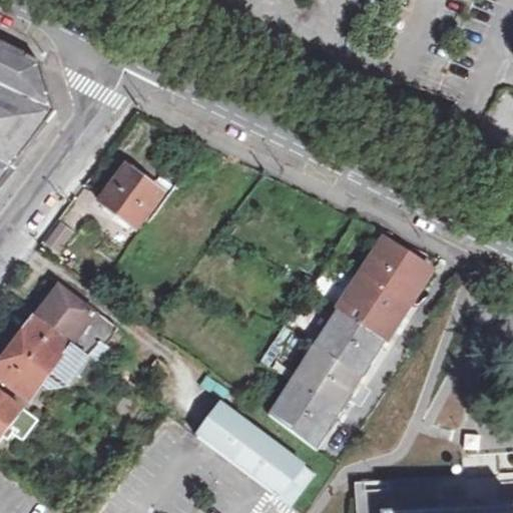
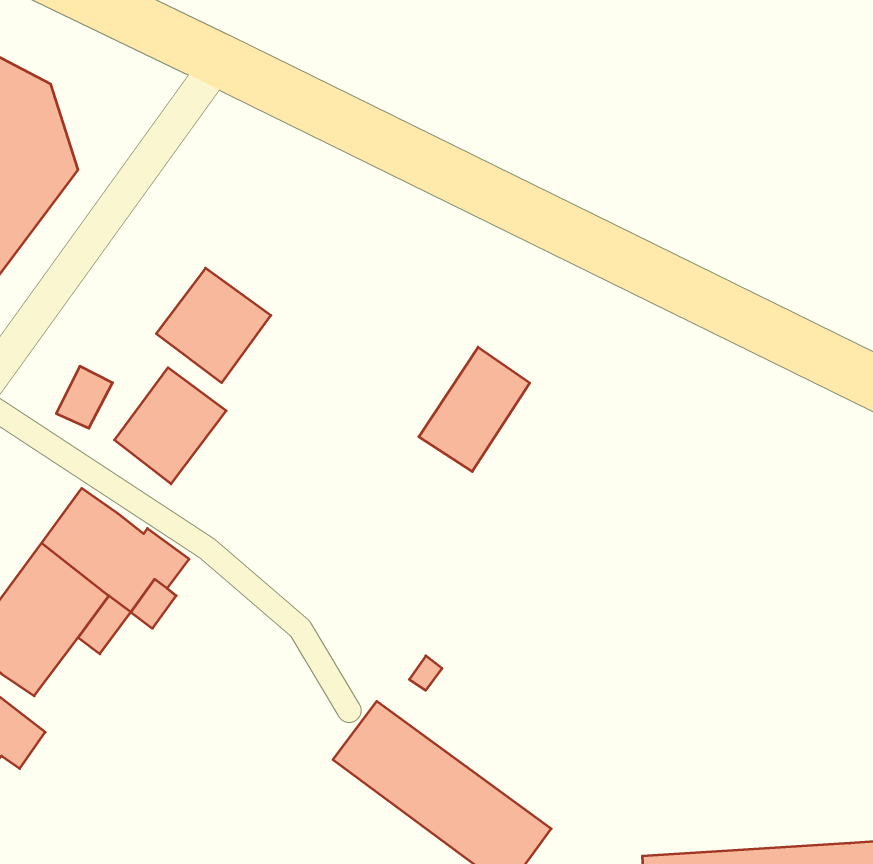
building: none -> [419,347,530,472]
building: none -> [114,368,226,484]
building: [268,236,427,445] -> none

